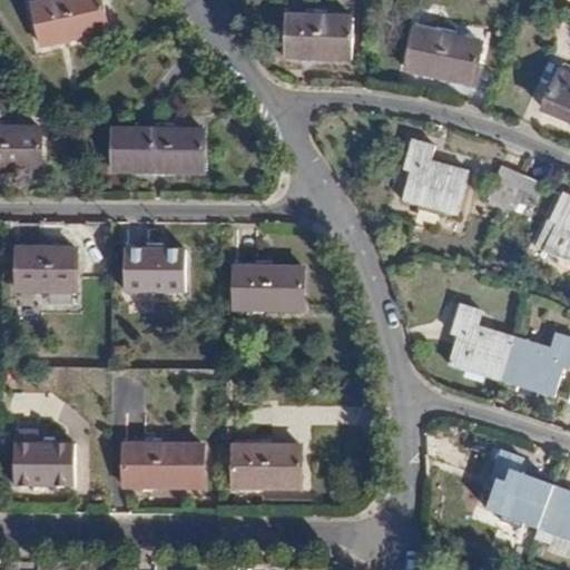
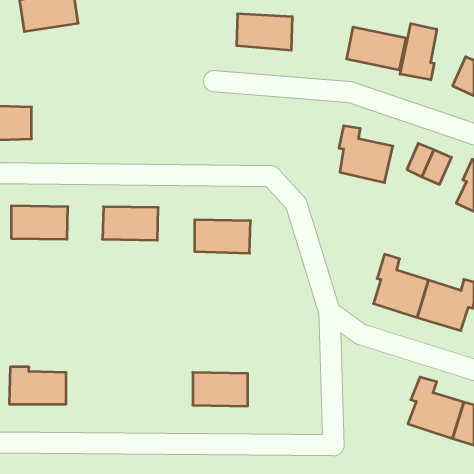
building: none -> [400,24,437,80]
building: [111,125,202,168] -> none
building: [120,444,204,484] -> none

